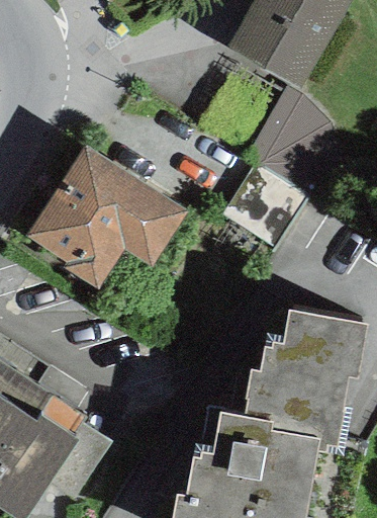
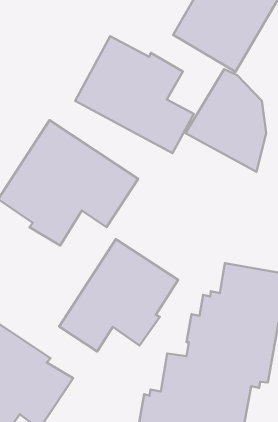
building: none -> [75,36,194,153]
building: none -> [59,239,178,352]

